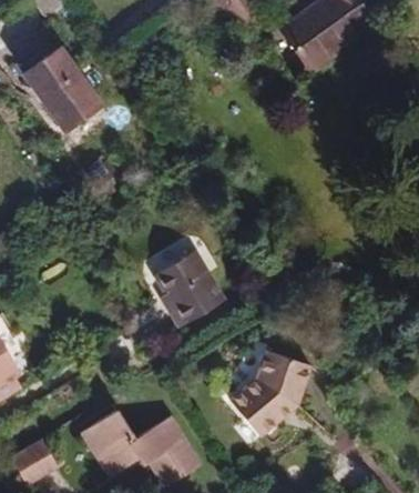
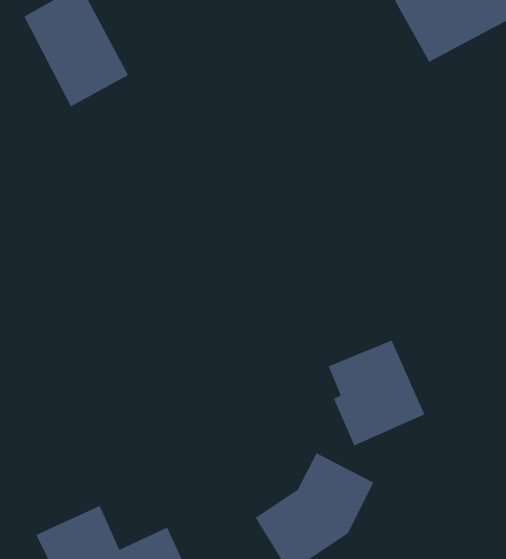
building: [153,250,225,328] -> [328,340,425,446]

